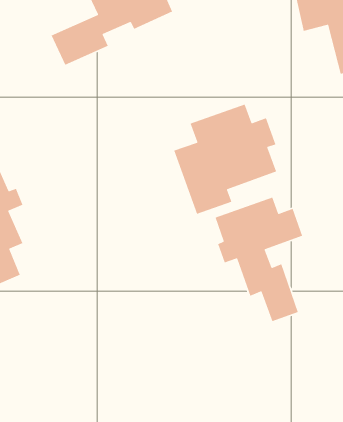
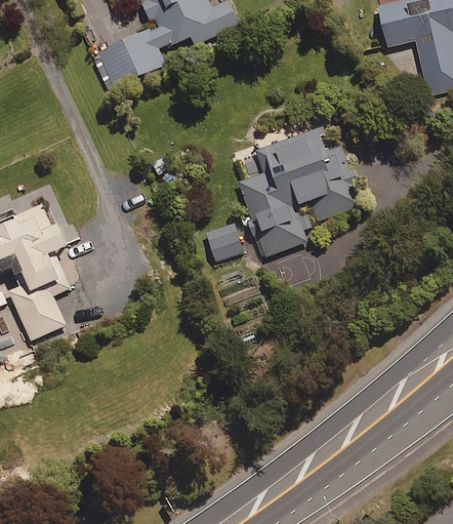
building: none -> [206,224,243,263]
building: [214,196,303,322] -> none

